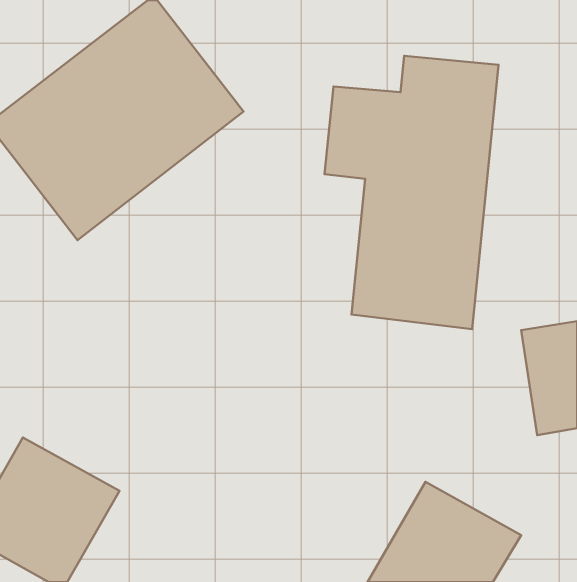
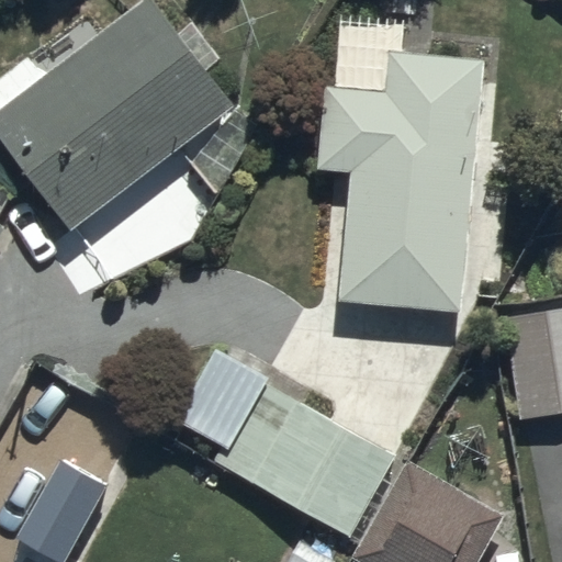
building: none -> [176,355,398,537]

